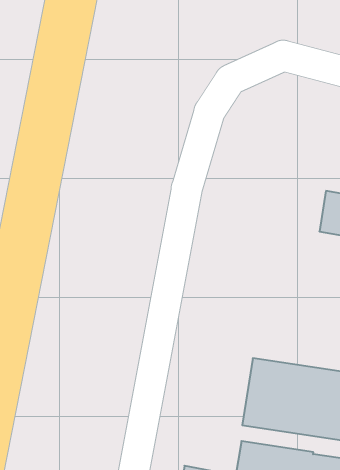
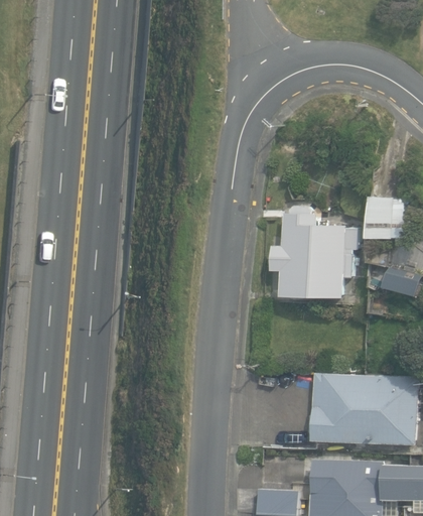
building: none -> [270,207,357,298]

